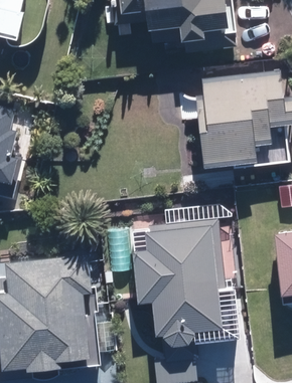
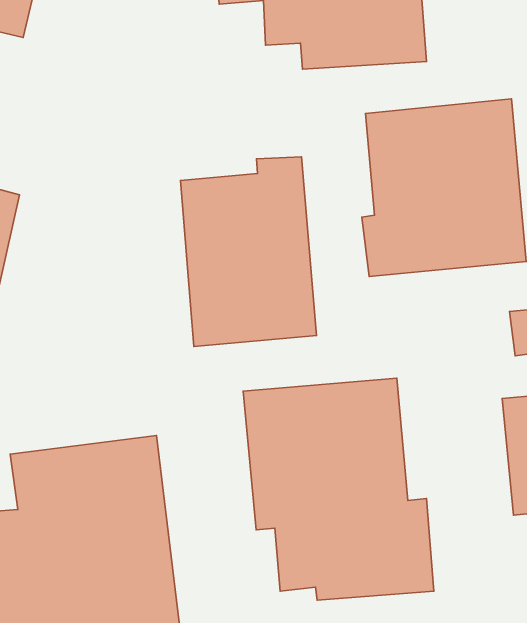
building: none -> [181,157,317,346]

